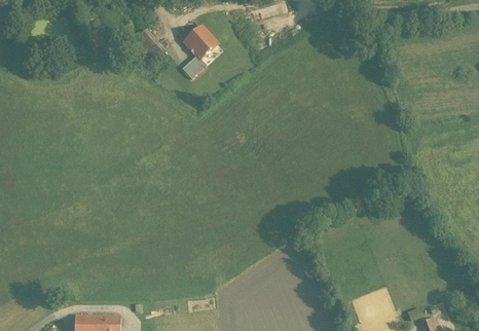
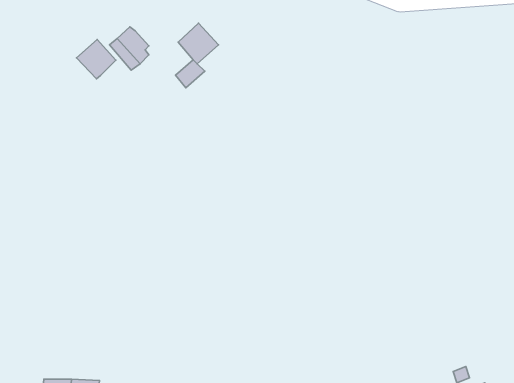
building: none -> [77,39,116,79]

